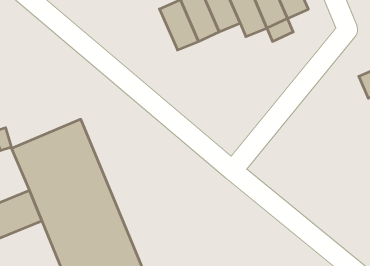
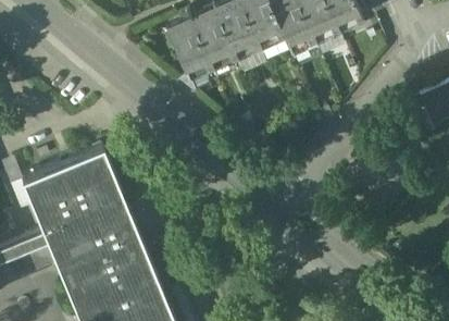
building: none -> [166,17,212,75]

